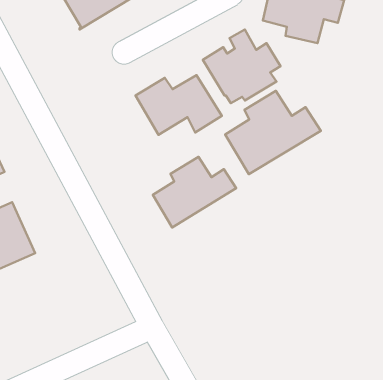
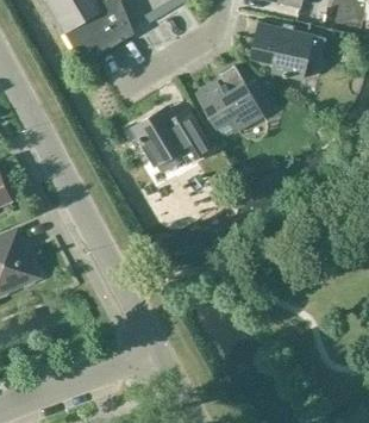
building: [225,91,321,174] -> none
building: [153,157,236,227] -> none

